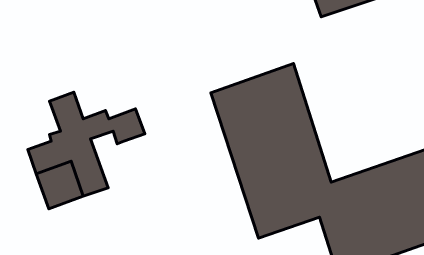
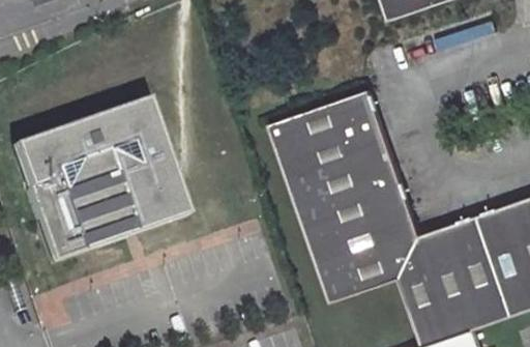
building: none -> [92,97,169,152]
building: none -> [19,131,76,191]
building: none -> [113,168,197,238]

